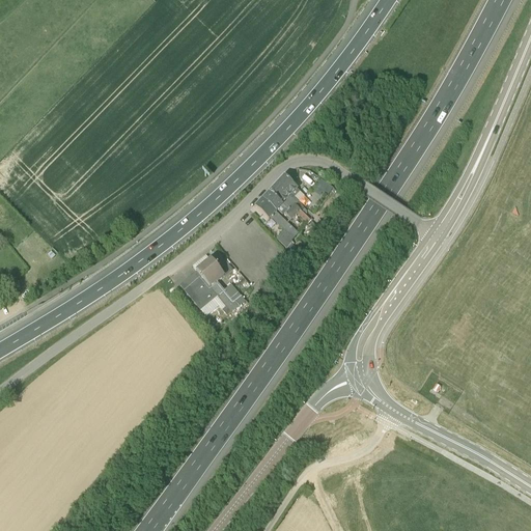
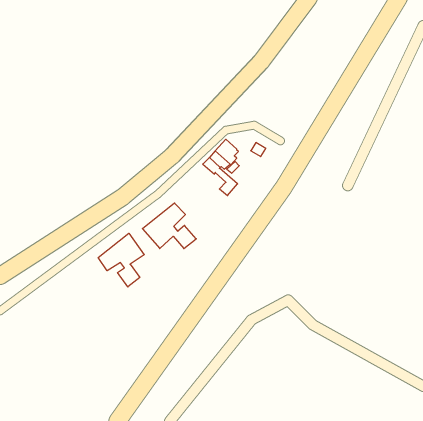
building: none -> [98,233,144,287]

